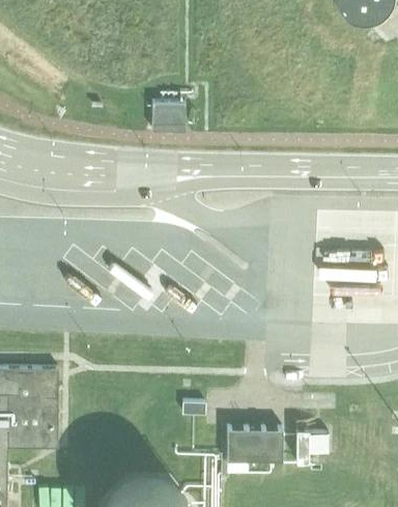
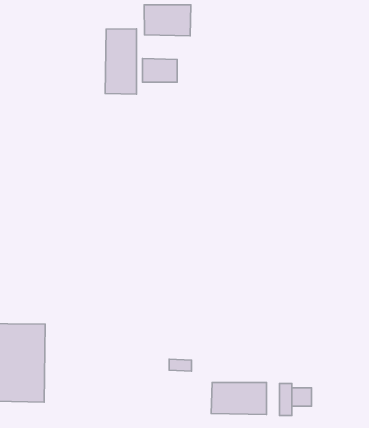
building: none -> [144,5,191,36]
building: none -> [105,29,137,94]

